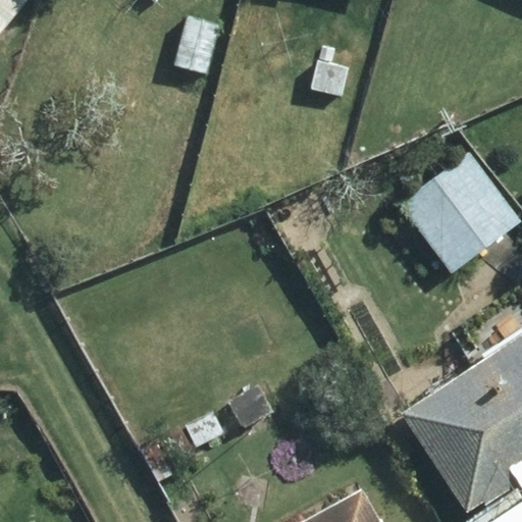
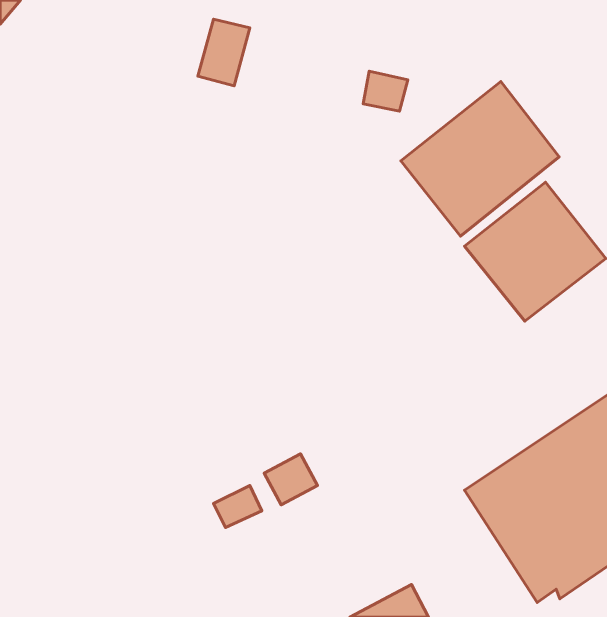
building: none -> [401,82,559,236]

